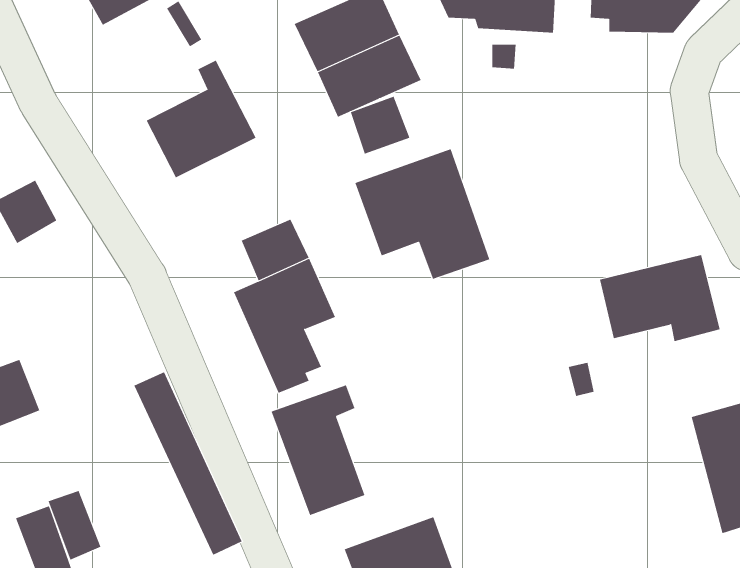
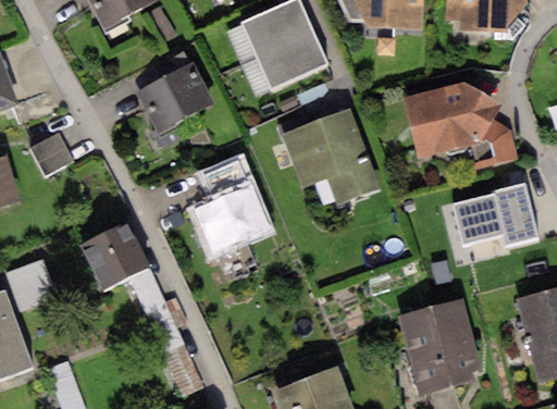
building: [350,96,410,155] -> none
building: none -> [400,82,516,168]
building: none -> [81,223,149,289]
building: [271,384,365,516] -> none
building: none -> [398,300,481,394]
building: [48,490,101,560] -> none

